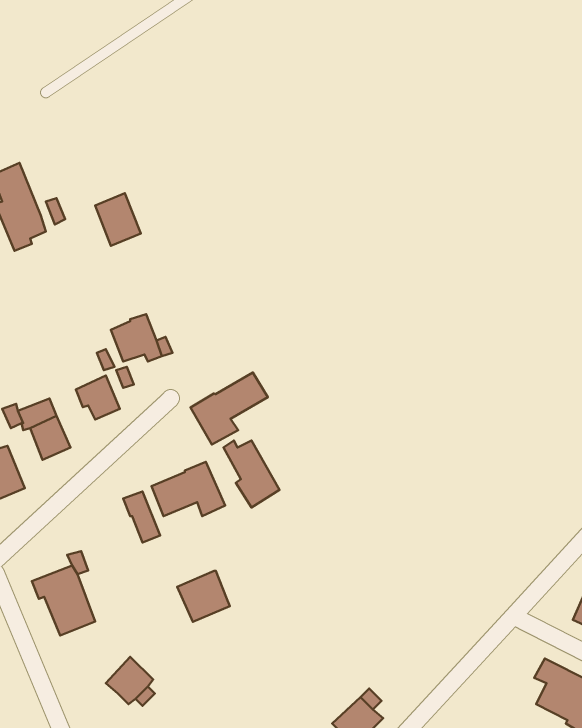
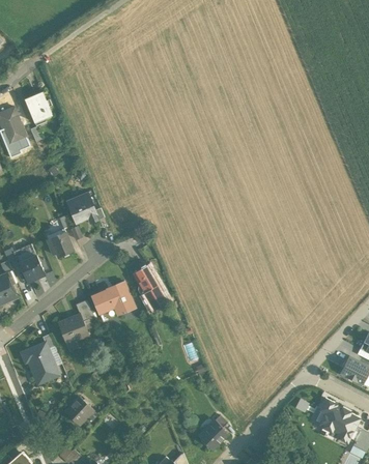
building: [95,193,141,246] -> [24,91,51,122]
building: [190,372,268,445] -> none
building: [177,571,230,622] -> [57,314,88,344]

